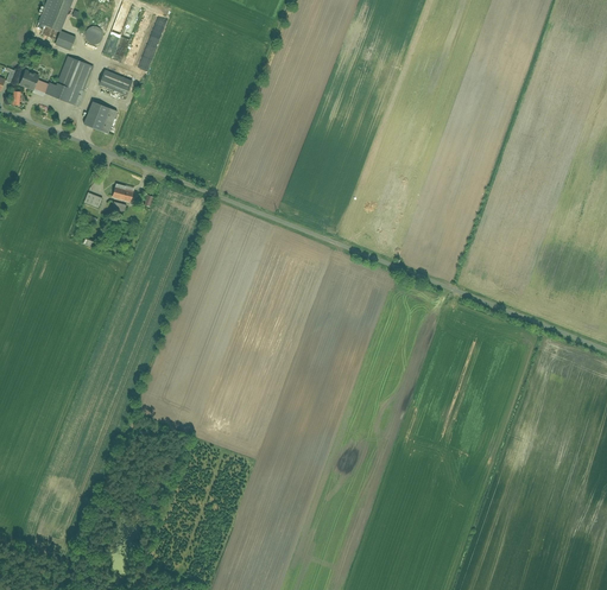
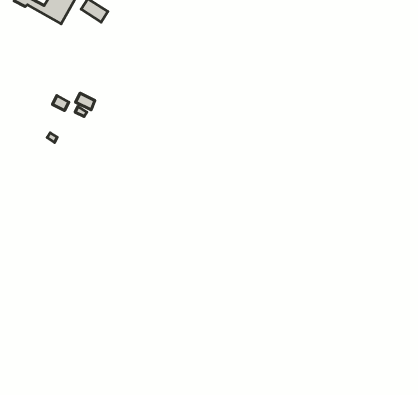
building: [84,102,116,133] -> none

